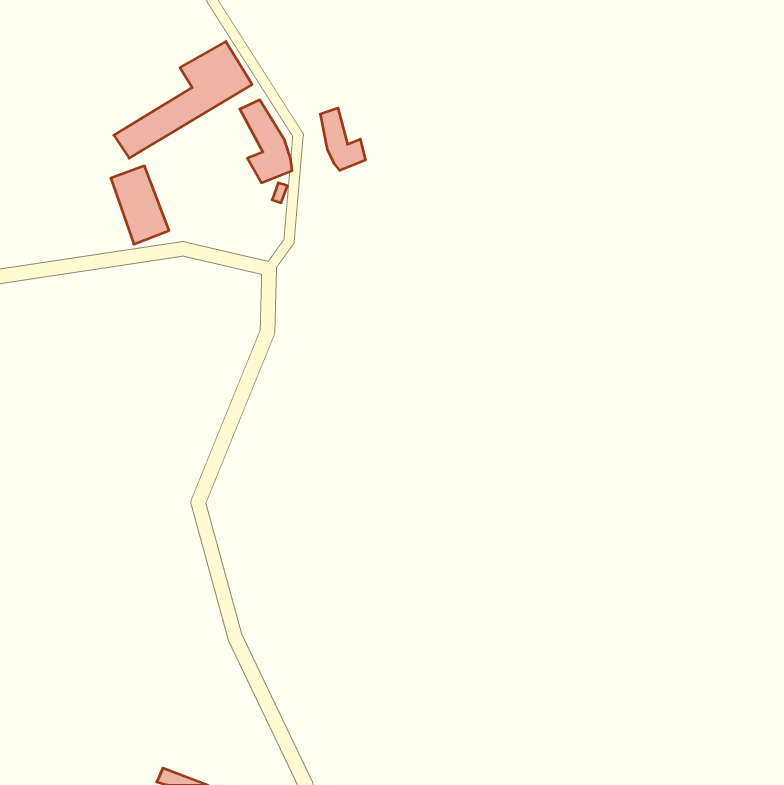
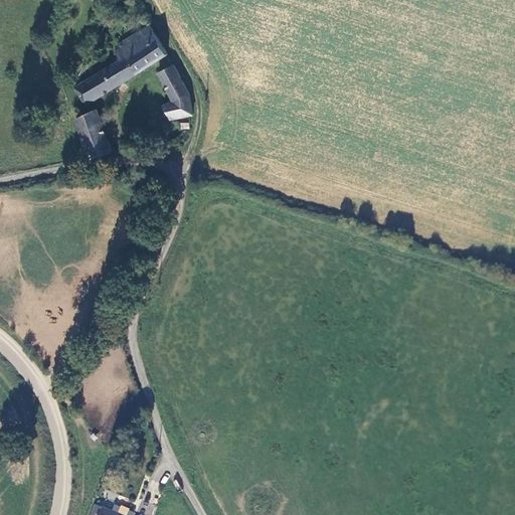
building: [320,108,365,170] -> none

